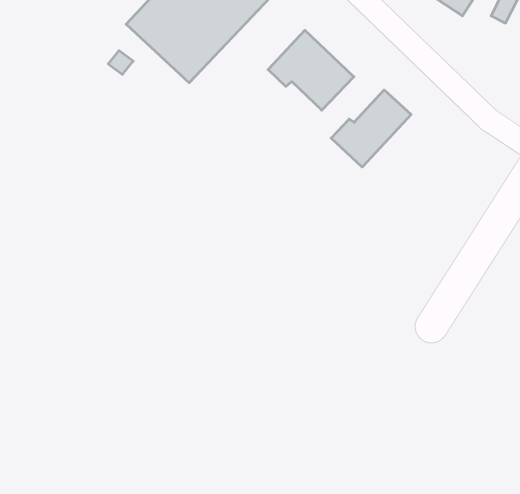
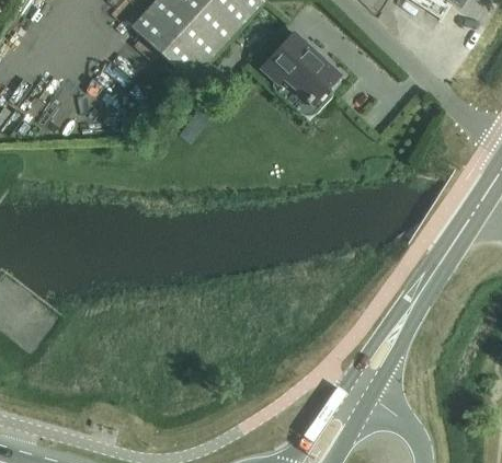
building: [331,90,411,167] -> none

